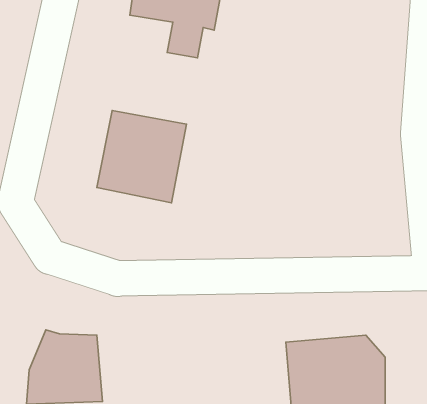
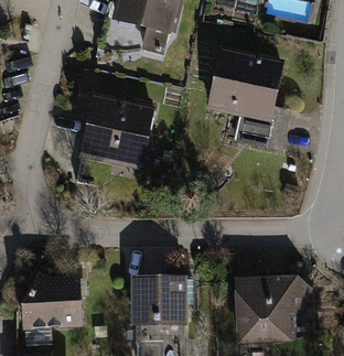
building: none -> [207,47,284,148]
building: none -> [128,274,185,324]

